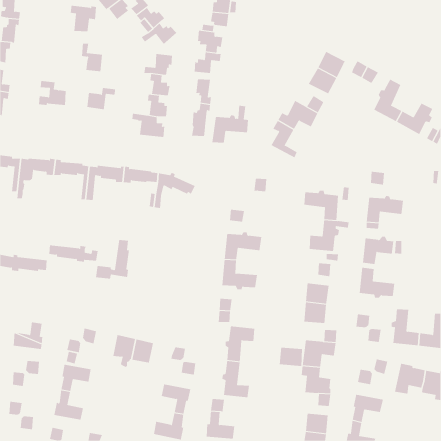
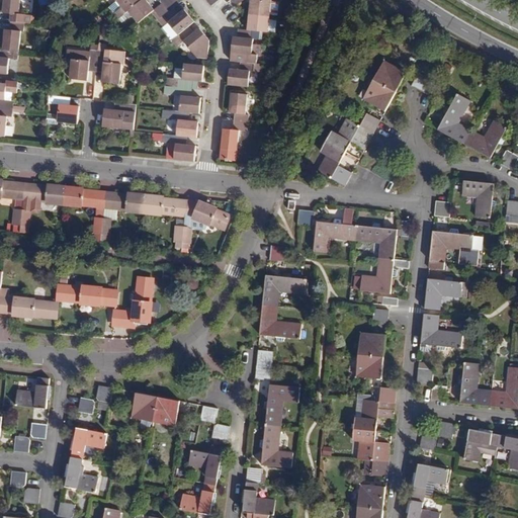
building: [70,5,97,32] -> [65,49,96,80]
building: [212,105,249,143] -> [313,207,356,252]
building: none -> [461,179,496,217]
building: [279,347,303,367] -> none

